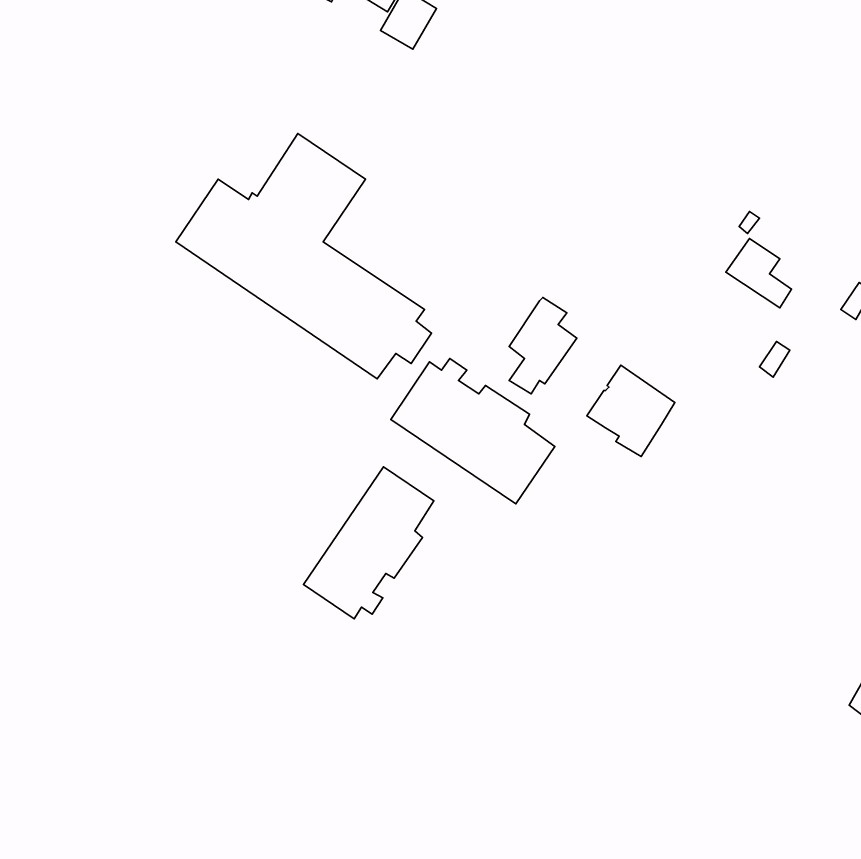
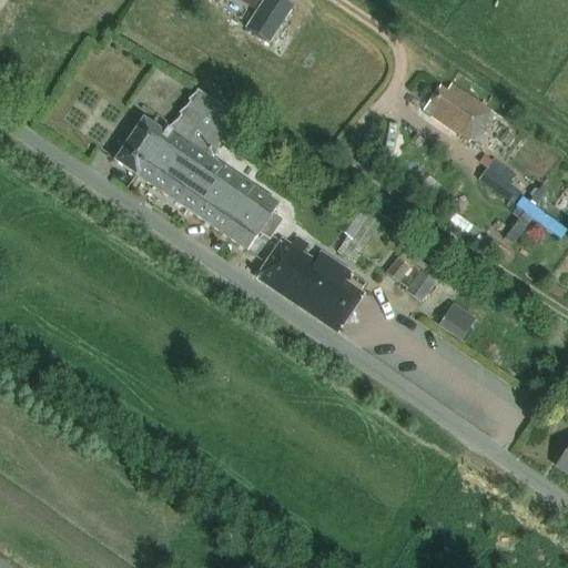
building: none -> [429,83,490,140]
building: none -> [438,301,476,338]
building: [304,467,434,619] -> none

